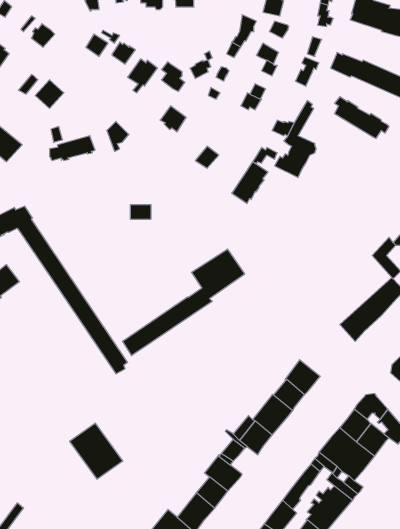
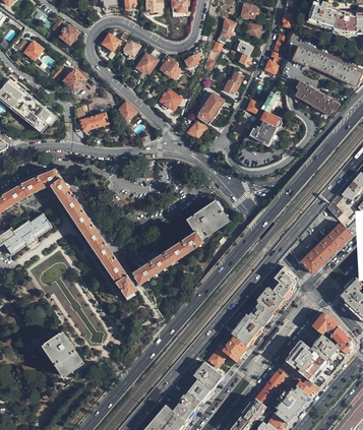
building: [232,162,268,203] -> [196,93,225,125]
building: none -> [268,266,294,301]
building: [70,423,123,479] -> [41,331,82,375]

